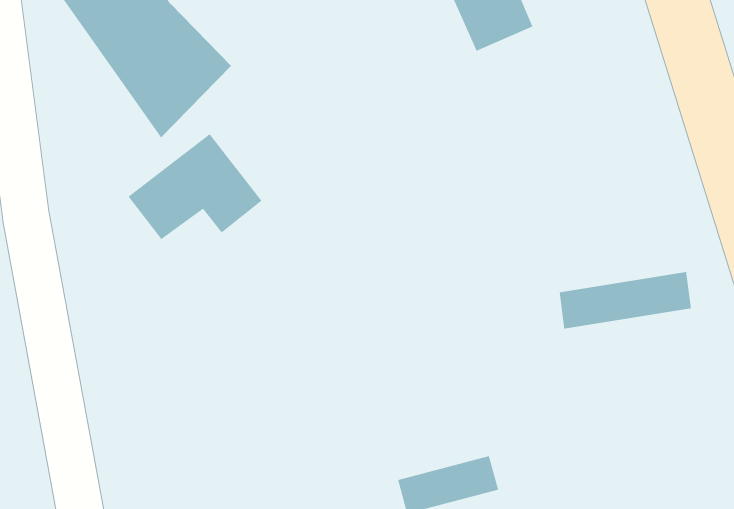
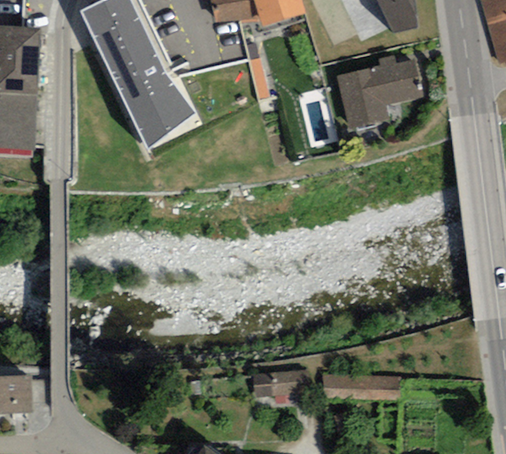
building: [128,133,262,240] -> none
building: [559,271,692,329] -> [319,374,399,398]

